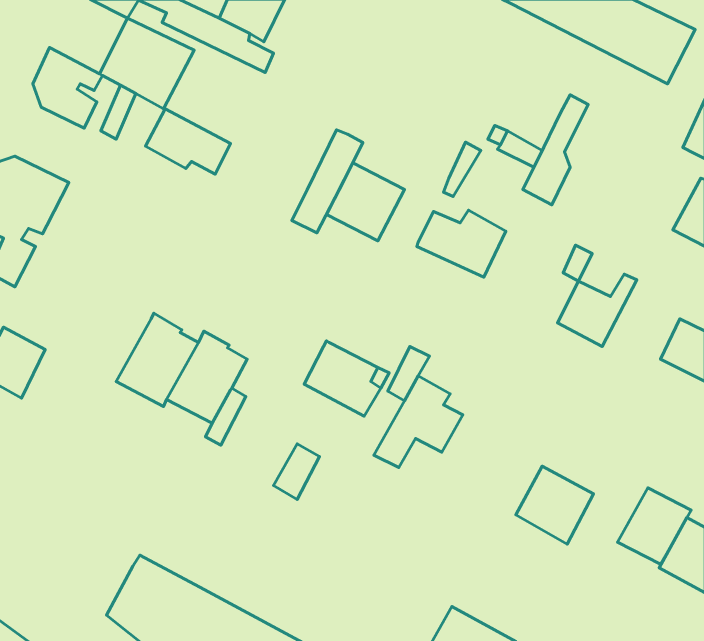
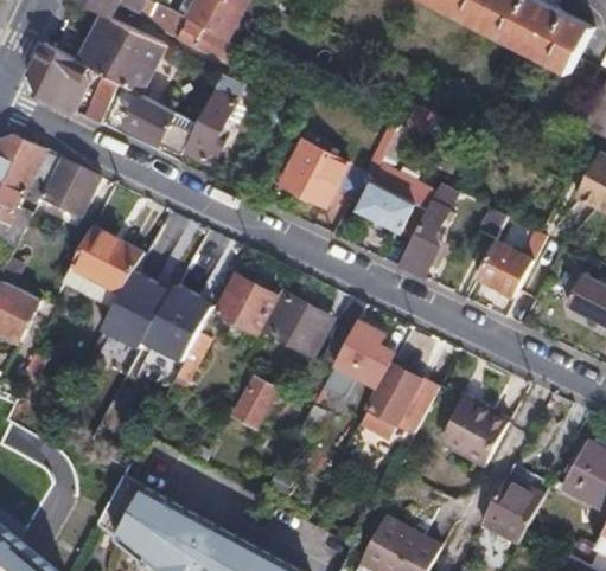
building: [523,95,588,205] -> [400,182,455,276]
building: [292,130,363,233] -> [184,72,244,160]
building: none -> [40,156,98,213]
building: none -> [70,225,141,288]
building: none -> [217,275,276,333]
building: none -> [370,364,438,432]
building: [617,488,691,564] -> [479,476,542,541]

